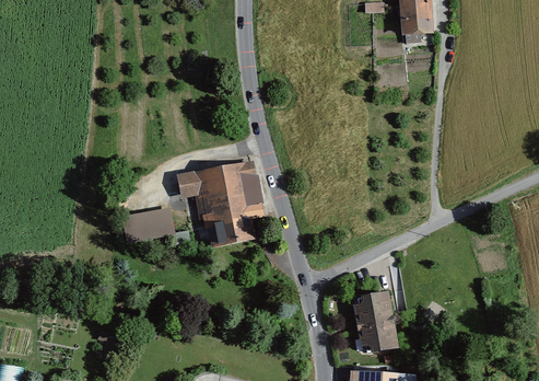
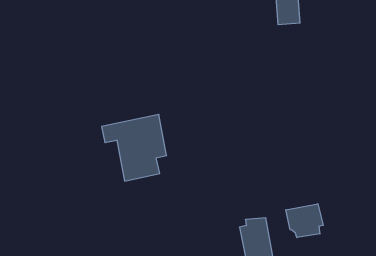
building: [128,207,177,244] -> none
building: none -> [286,204,323,238]

